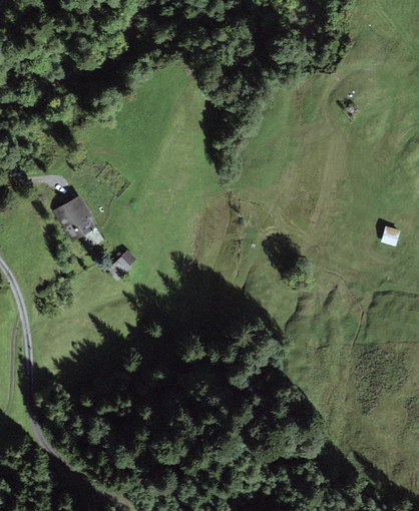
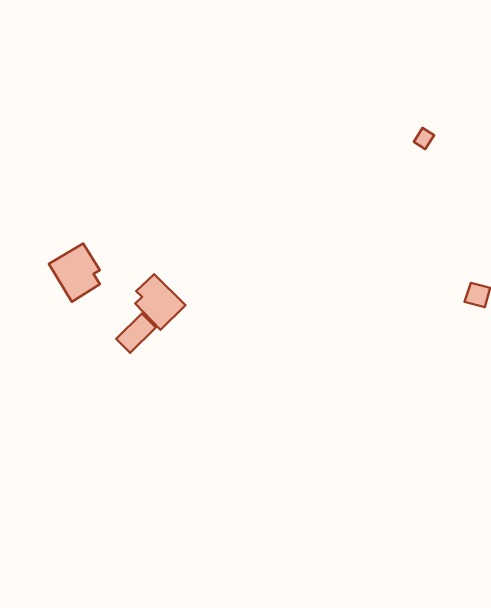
building: none -> [135,274,185,330]

